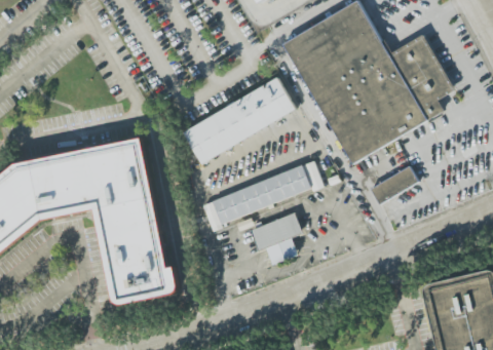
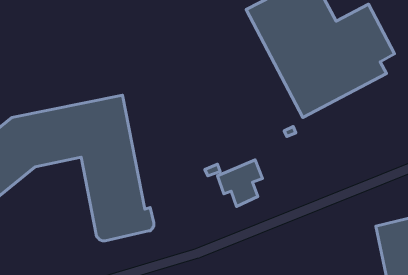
building: [183,77,294,164] -> none
building: [200,160,323,231] -> none
building: [369,165,417,204] -> none

